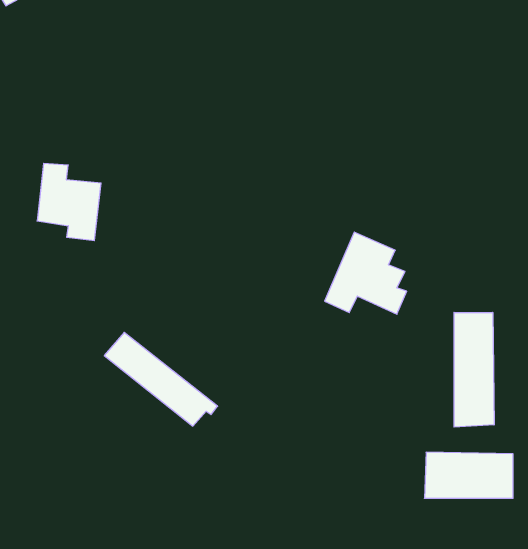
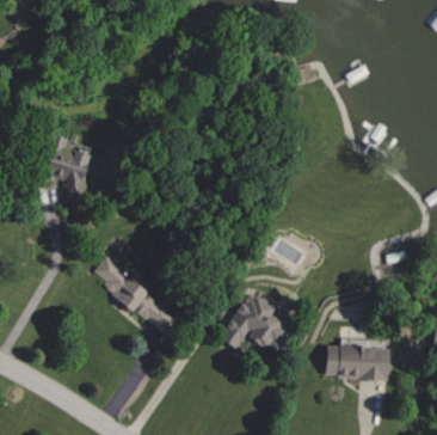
building: [325,232,407,314] -> [222,289,282,349]
building: [454,312,494,427] -> none

